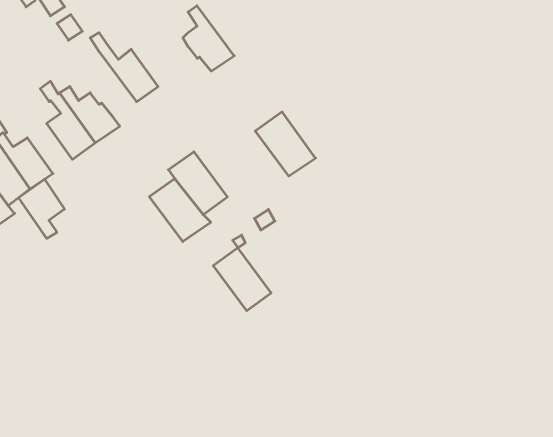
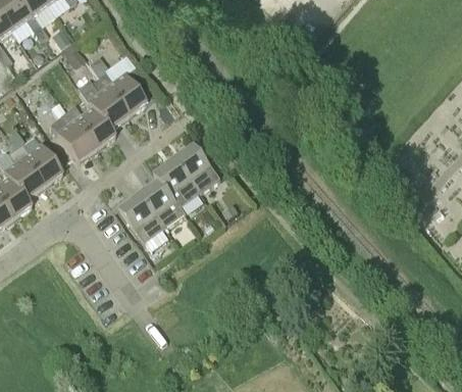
building: [183,6,234,71] -> [86,79,126,131]
building: [255,112,316,176] -> [172,143,220,194]
building: [19,179,64,238] -> none
building: [213,248,271,311] -> [117,194,163,244]

